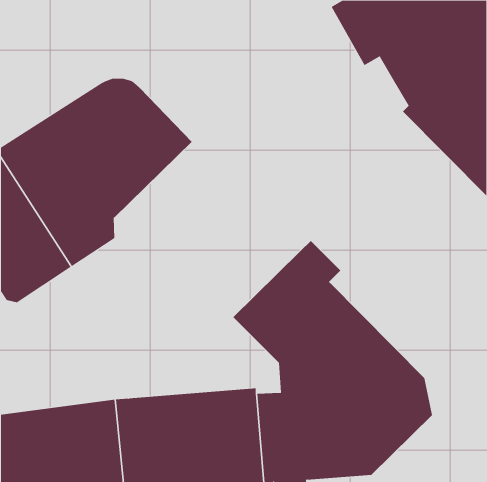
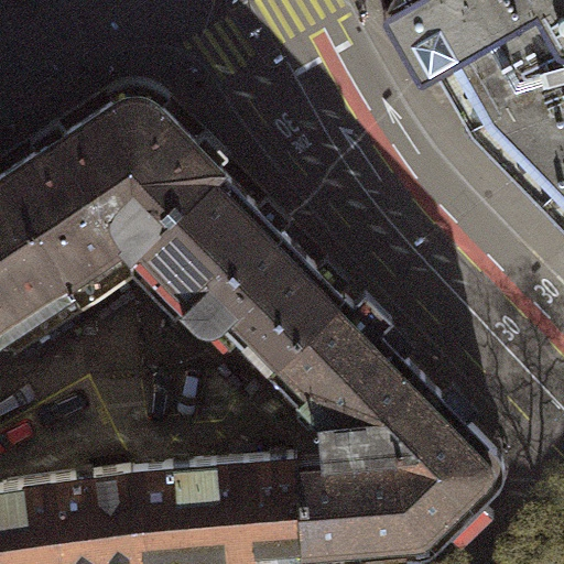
building: none -> [132,170,346,372]

